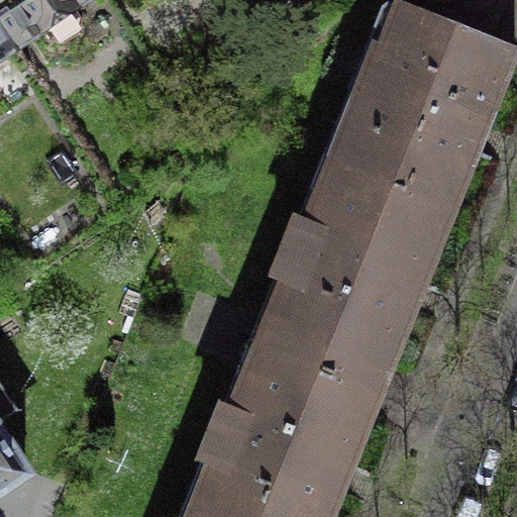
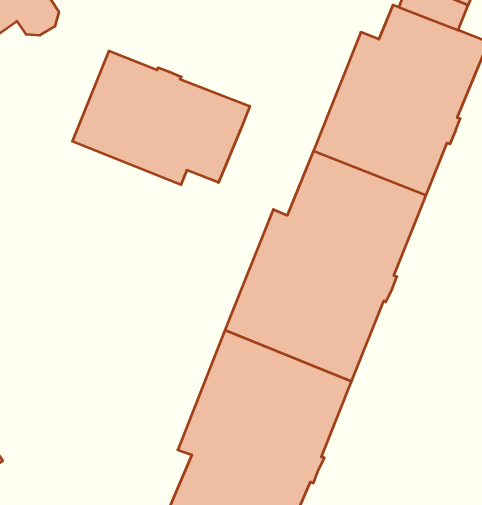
building: none -> [72,51,250,185]

